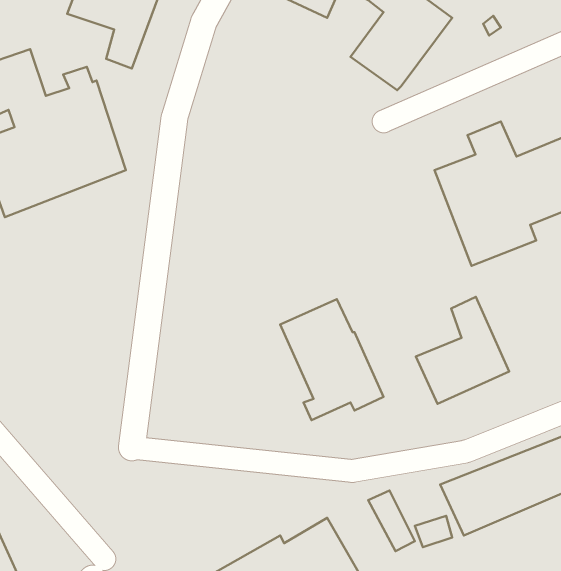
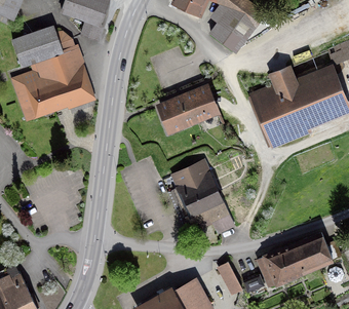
building: none -> [159,87,216,130]
building: [416,297,509,404] -> none

